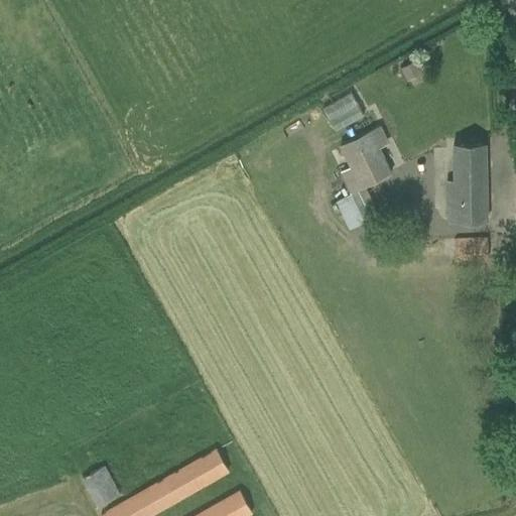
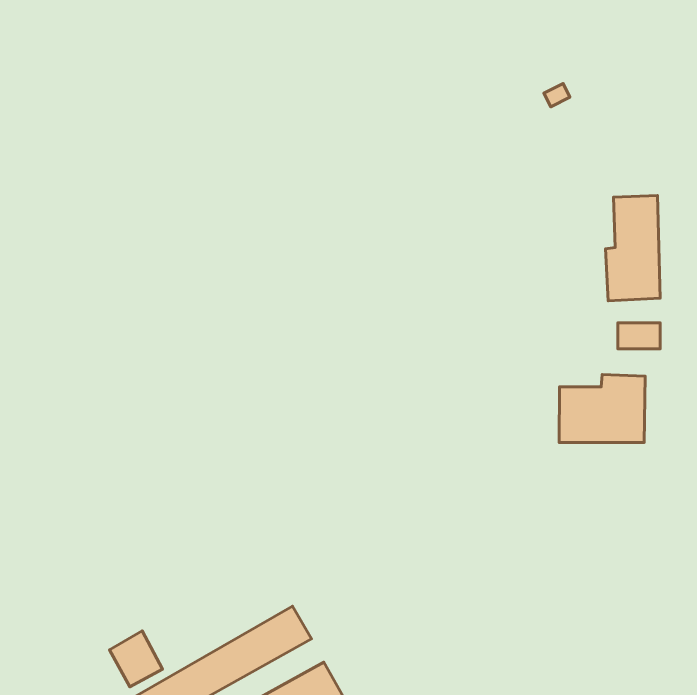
building: [324,94,363,129] -> none
building: [339,128,392,243] -> none
building: none -> [559,374,645,443]

